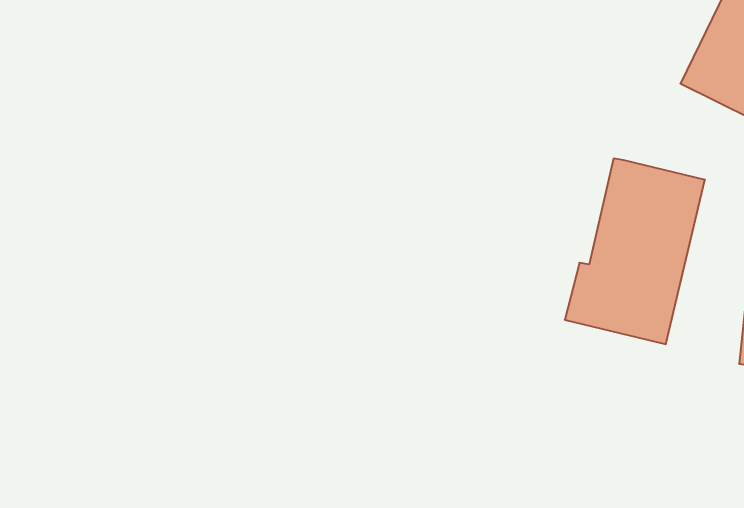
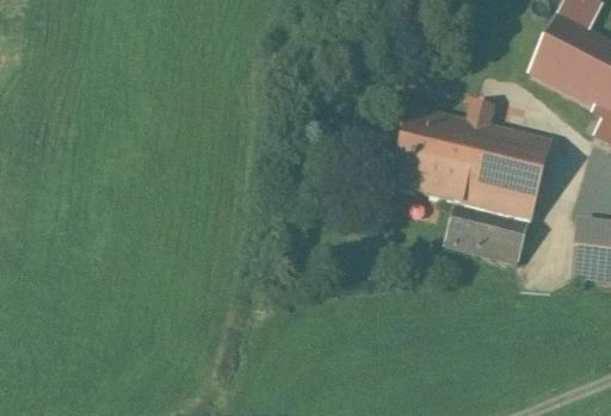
building: none -> [391,105,492,204]

